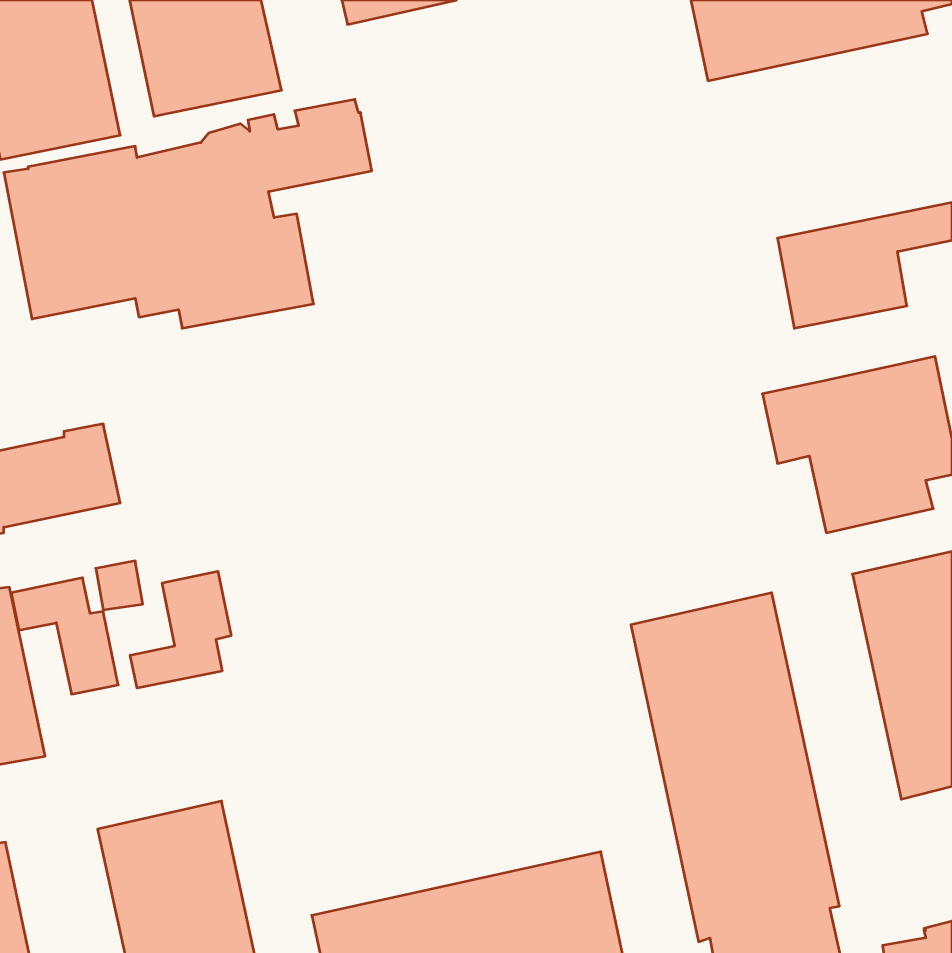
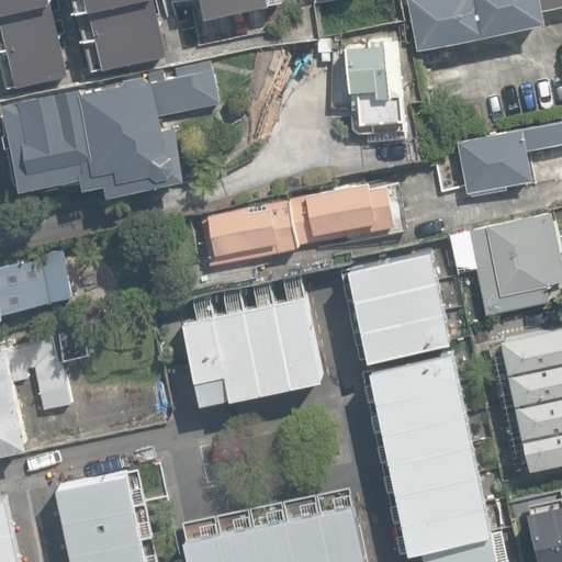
building: none -> [345,42,403,143]
building: none -> [199,183,405,266]
building: none -> [352,249,450,359]
building: none -> [181,296,319,403]
building: [130,571,231,688] -> none

